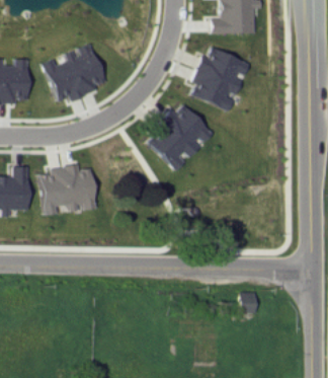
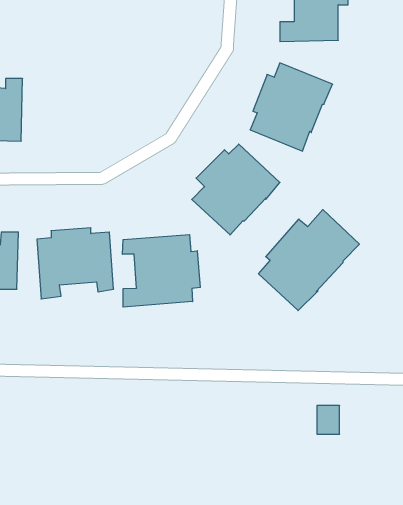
building: [43,44,106,102] -> none
building: none -> [259,210,359,311]
building: none -> [122,235,200,307]

